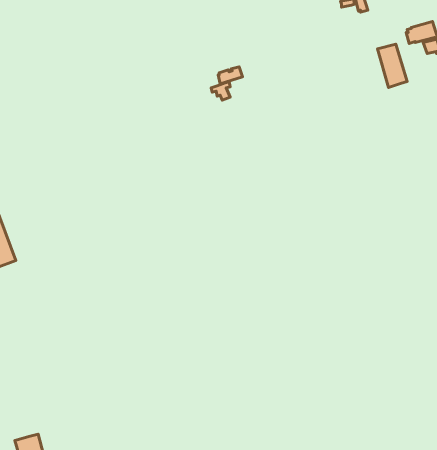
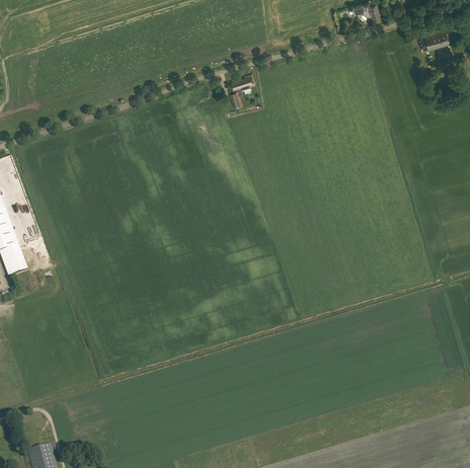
building: [377,44,407,87] -> none

